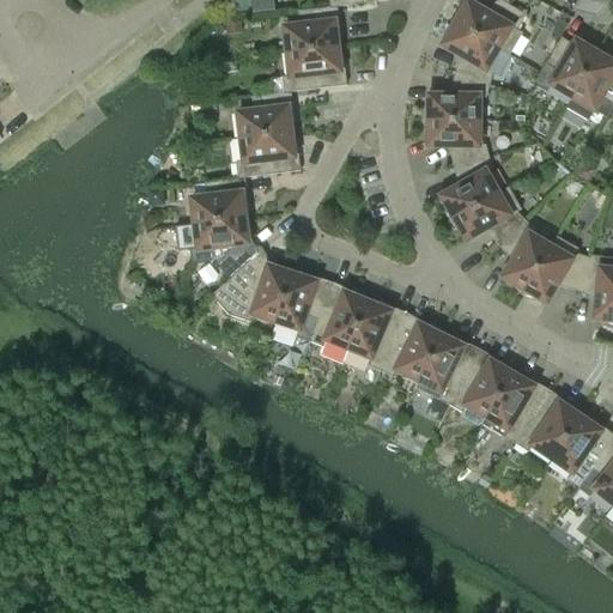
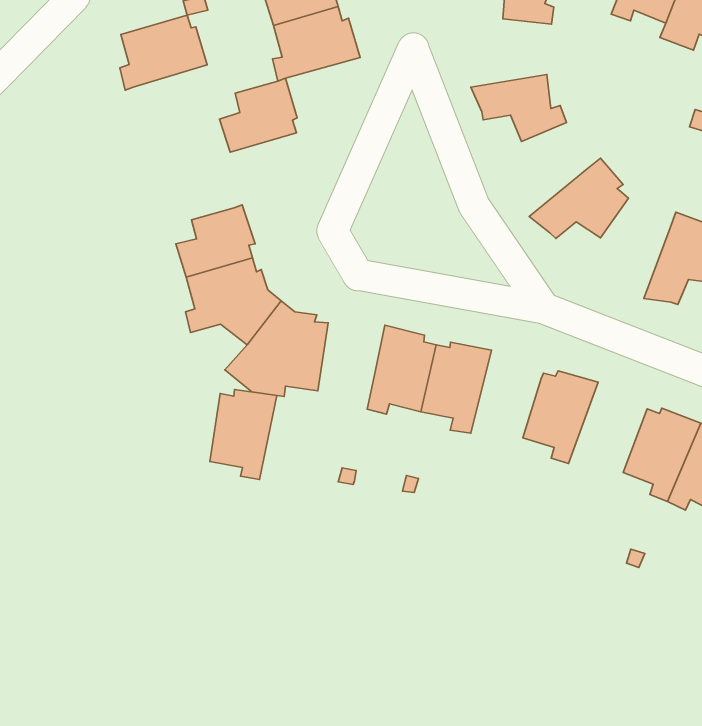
building: [424,74,490,120] -> none
building: [237,132,301,178] -> [120,15,207,90]
building: [442,157,498,220] -> none
building: [499,219,551,293] -> none
building: [277,272,333,340] -> [210,389,277,480]
building: [382,312,442,380] -> none
building: [449,348,512,417] -> none

